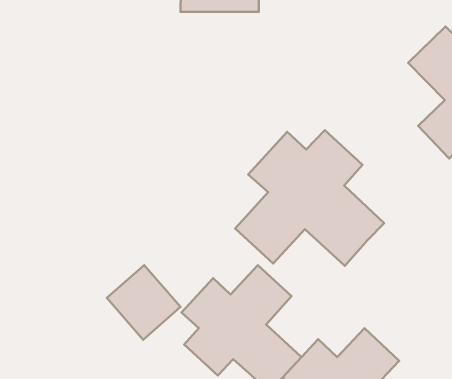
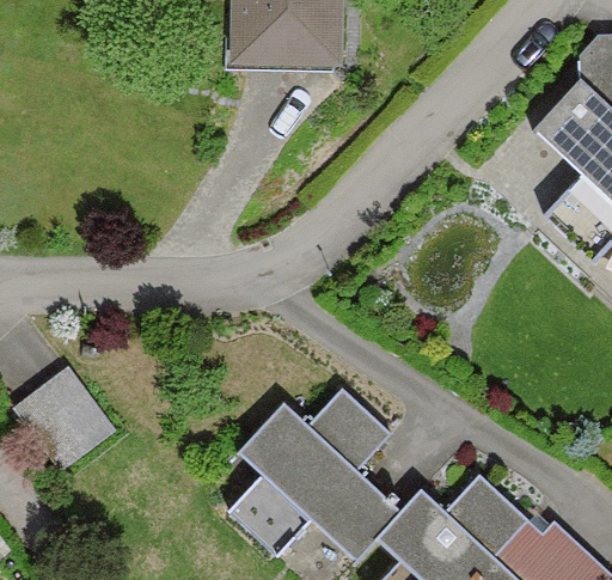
building: [235,130,384,266] -> none
building: [107,265,181,340] -> [14,368,111,466]

